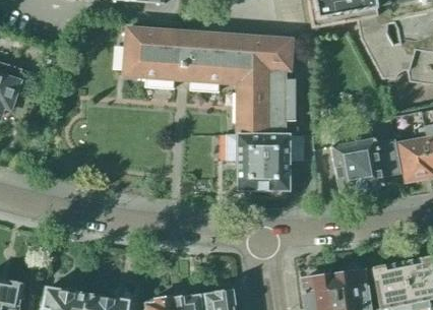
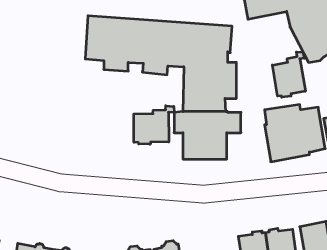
building: none -> [272,52,305,97]
building: none -> [134,106,174,144]

